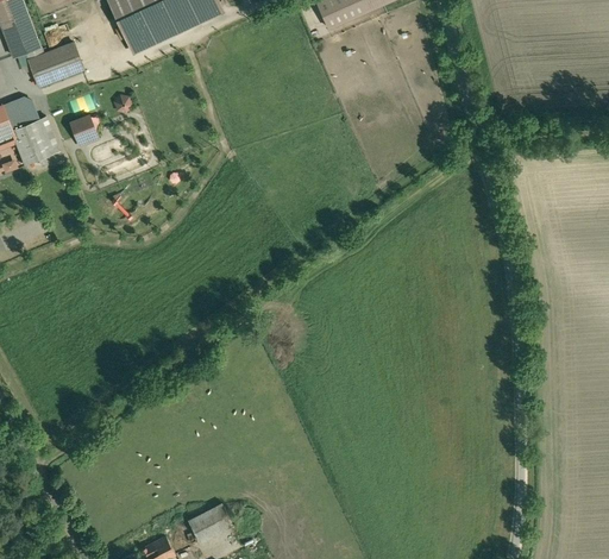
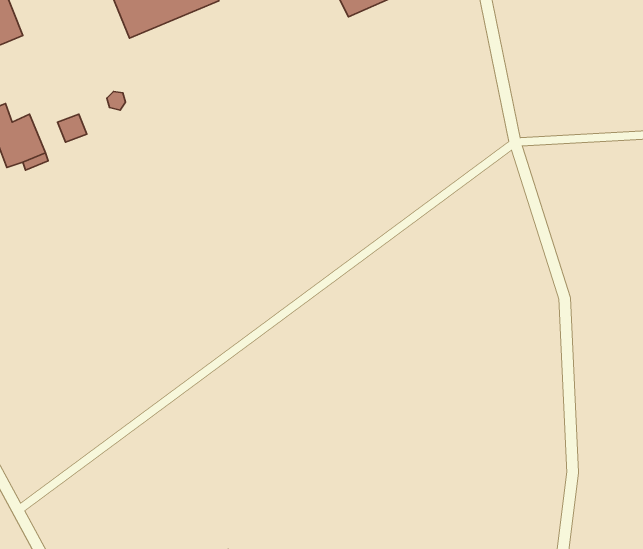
building: [25,42,83,86] -> none

